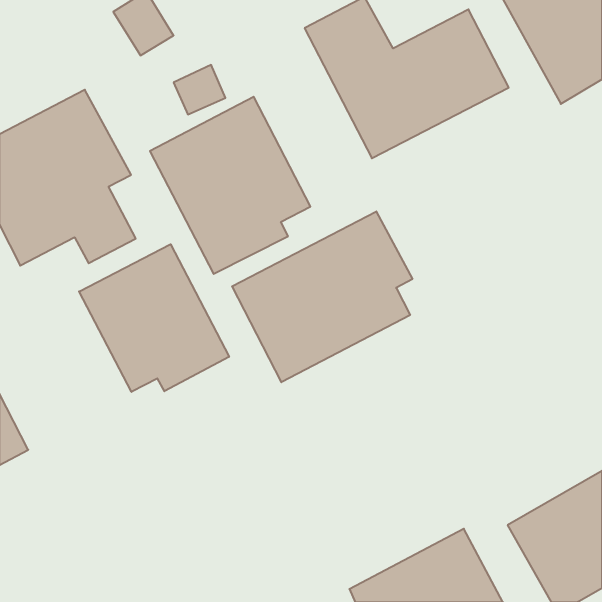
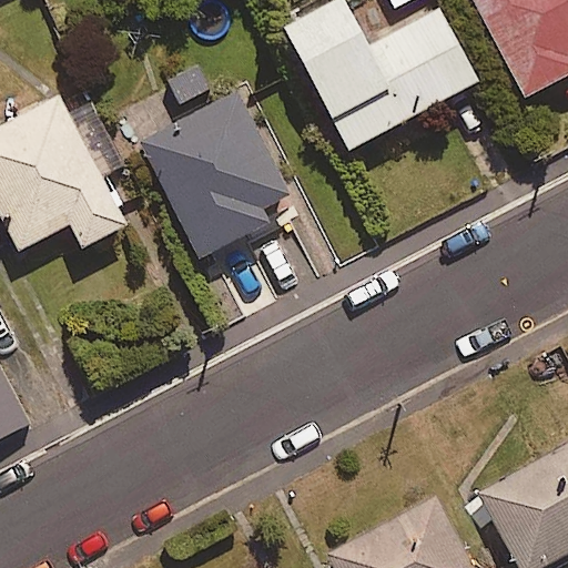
building: [232,211,412,382] -> none
building: [79,244,229,392] -> none

